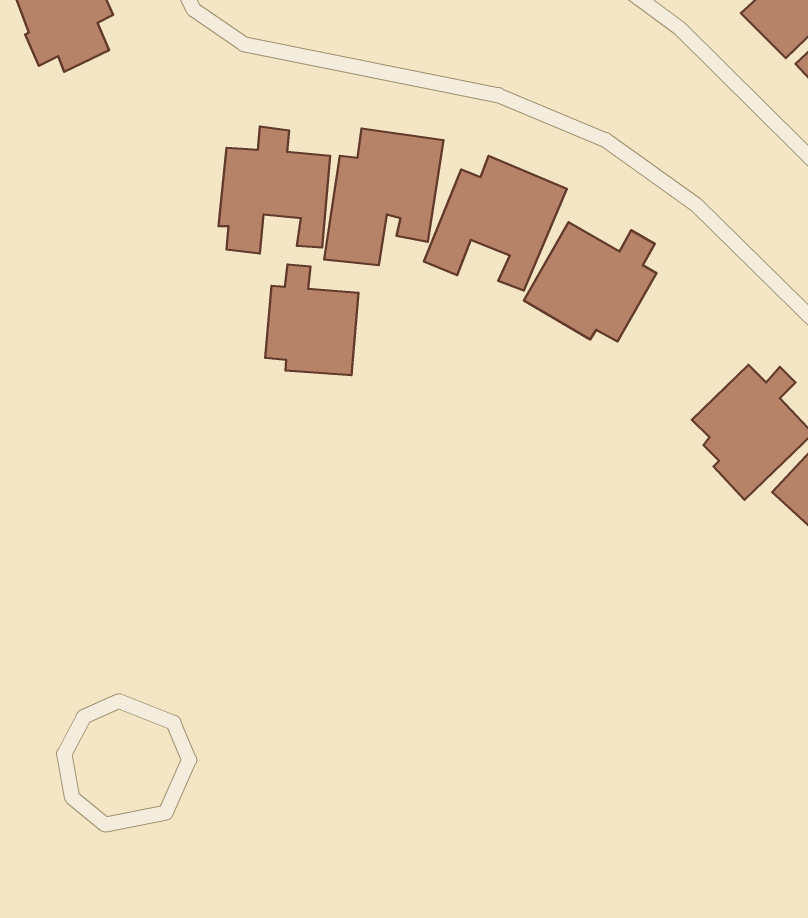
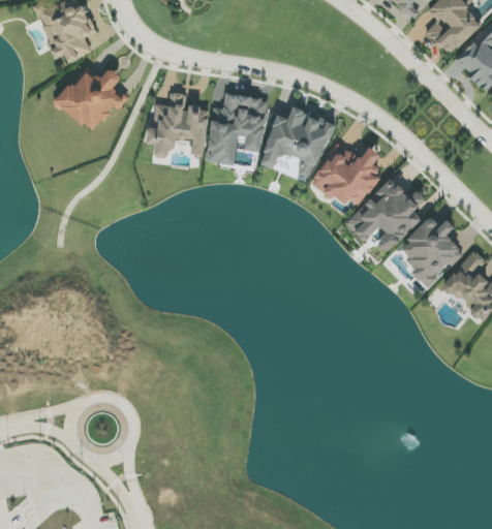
building: none -> [53,66,128,130]
building: [265,265,358,375] -> none
building: none -> [344,177,425,251]

